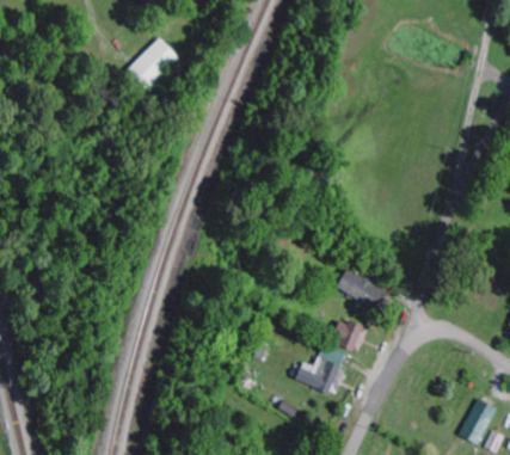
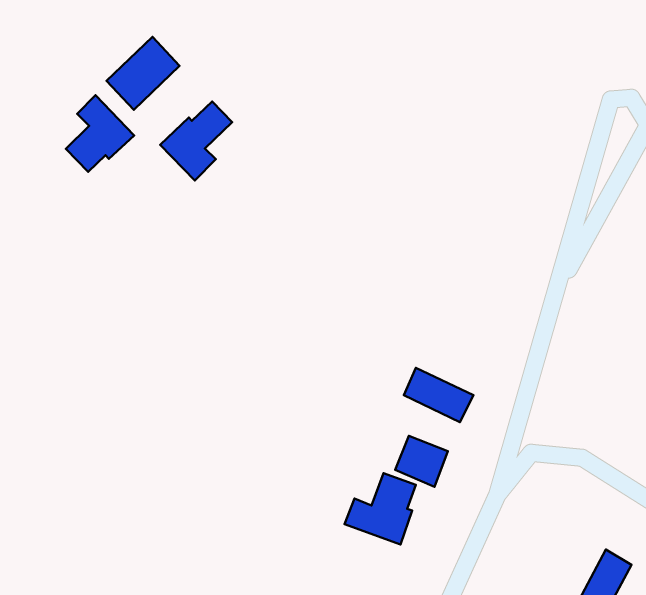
building: none -> [66,95,134,172]
building: none -> [160,102,232,181]

